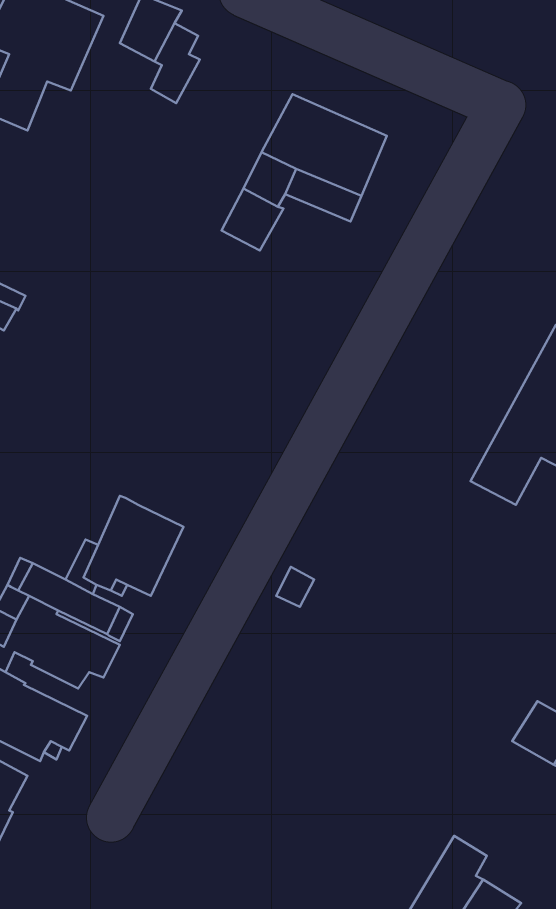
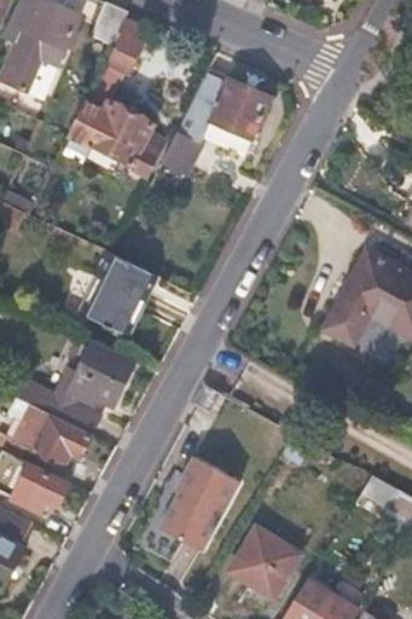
building: none -> [68,104,156,181]
building: none -> [80,251,155,335]
building: none -> [162,459,236,549]
building: none -> [228,525,302,597]

